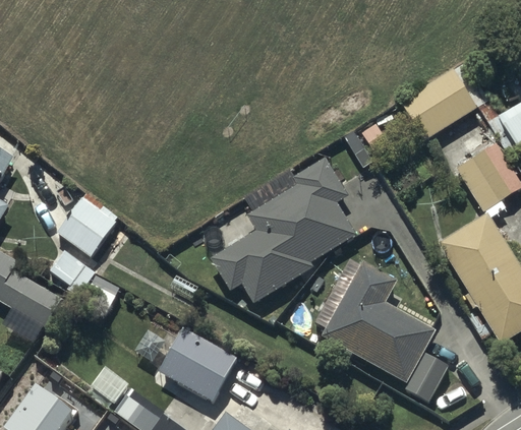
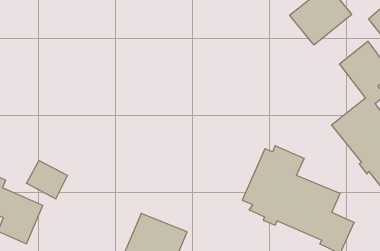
building: [209,158,354,305] -> none
building: [57,192,121,257] -> none

